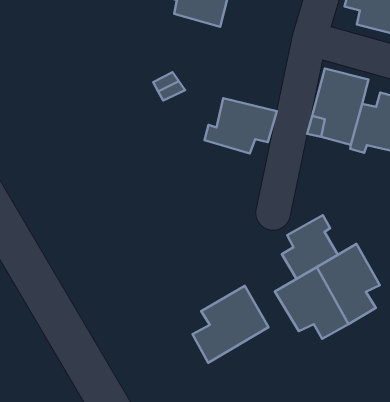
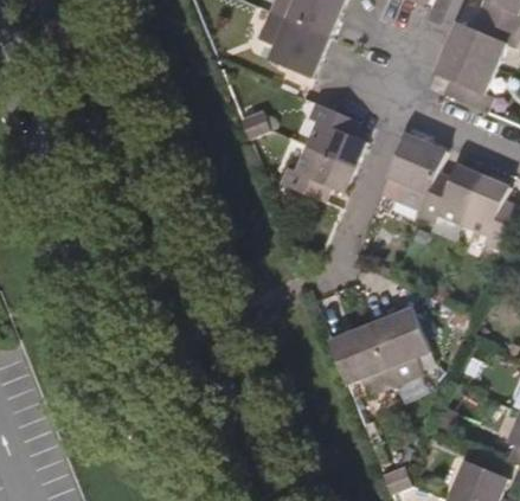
building: none -> [304,103,365,166]
building: [282,215,338,279] -> none
building: [192,286,268,363] -> none

